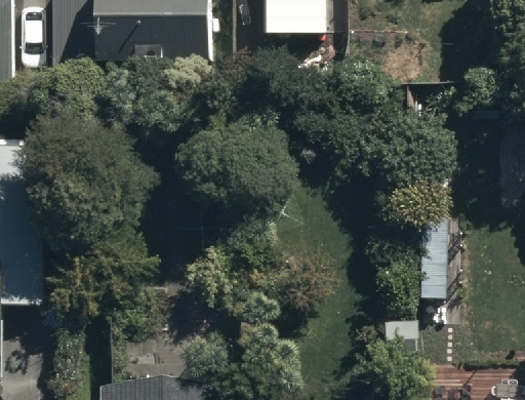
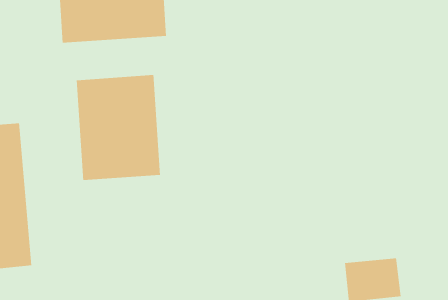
building: none -> [76,74,161,181]

